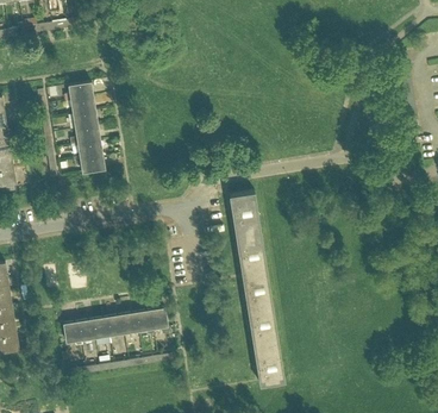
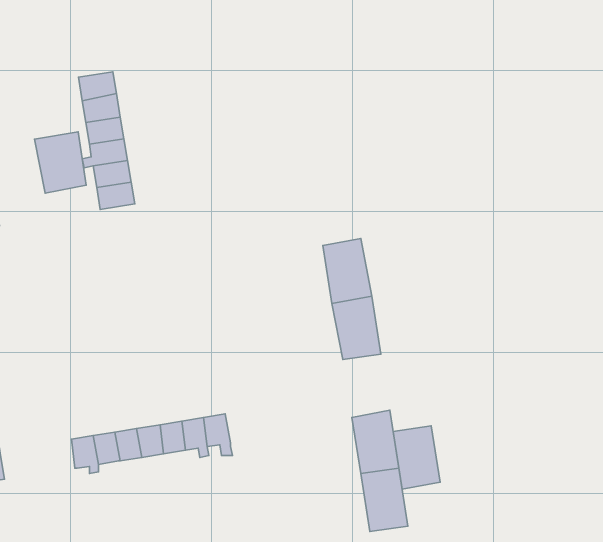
building: none -> [34,132,86,193]
building: [242,268,273,309] -> [393,426,440,489]

